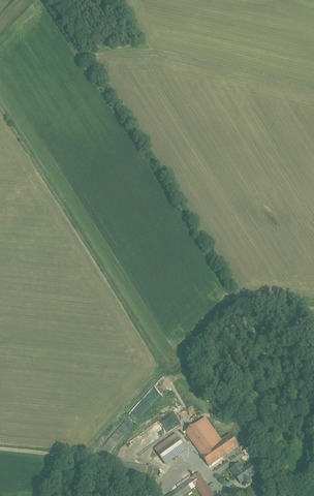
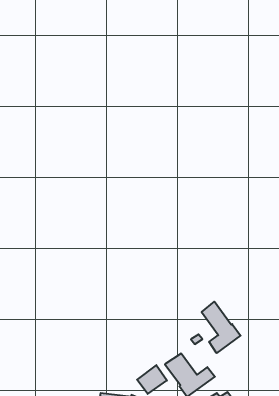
building: none -> [202,302,241,353]

